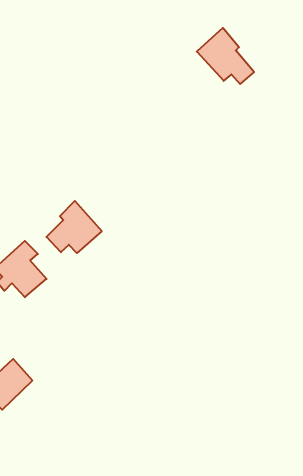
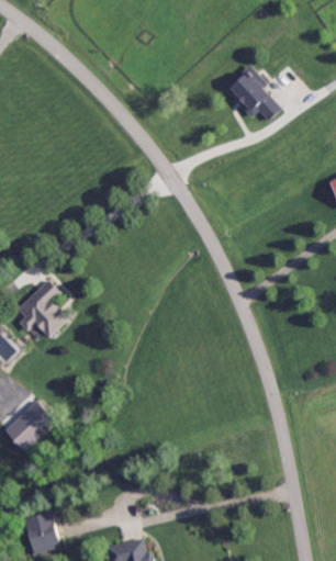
building: [46,201,102,253] -> none

